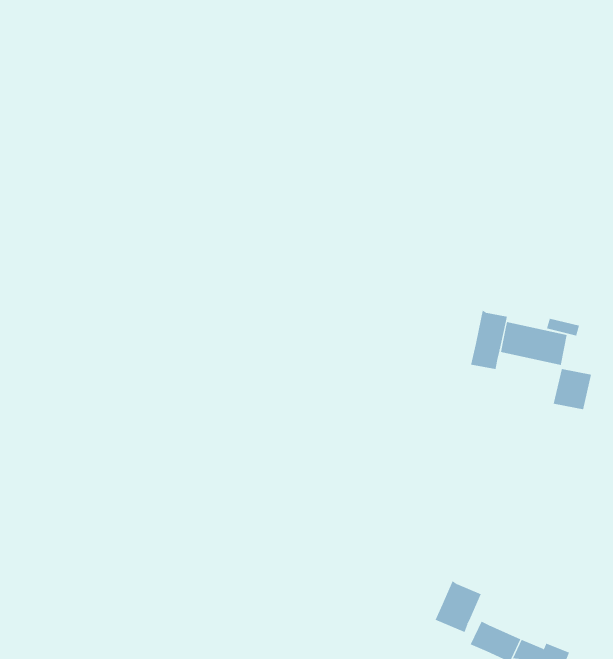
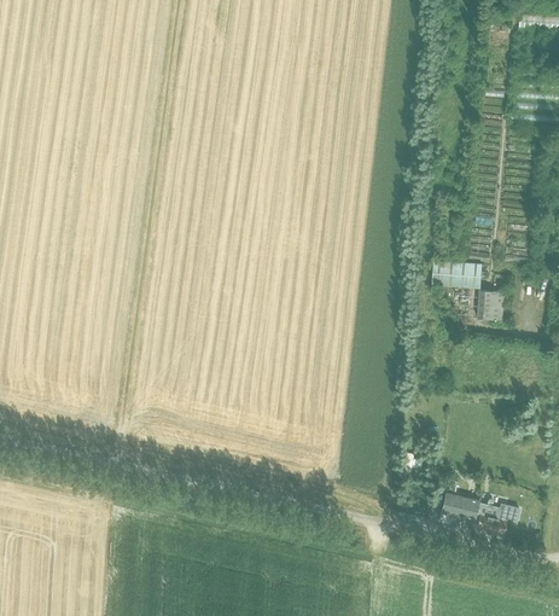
building: [470,310,507,370] -> none
building: [435,580,482,633] -> none

